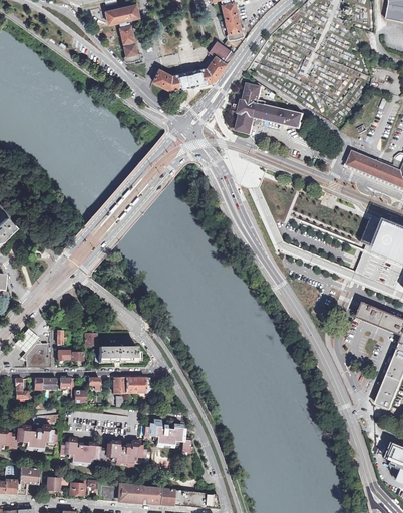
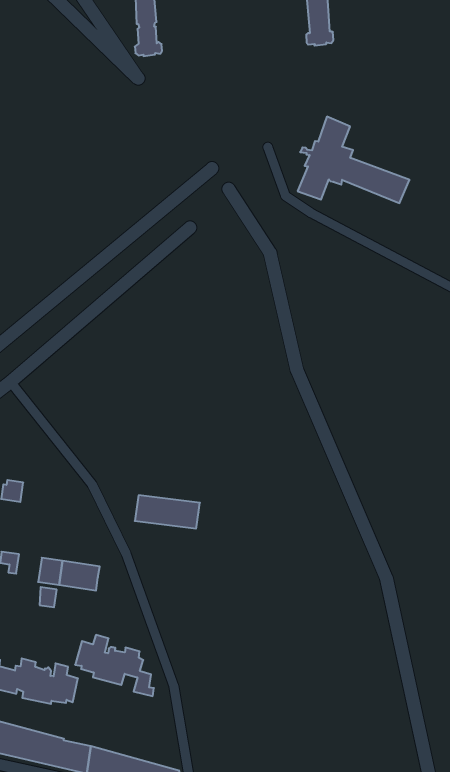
building: [152,40,234,90] -> none
building: [97,345,135,362] -> [135,495,200,529]

